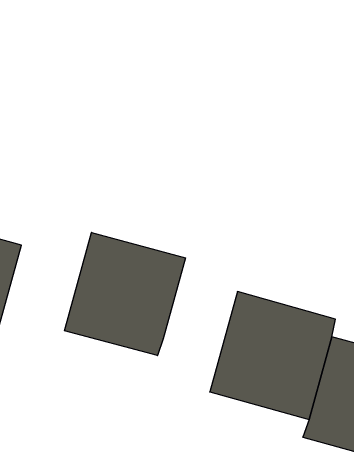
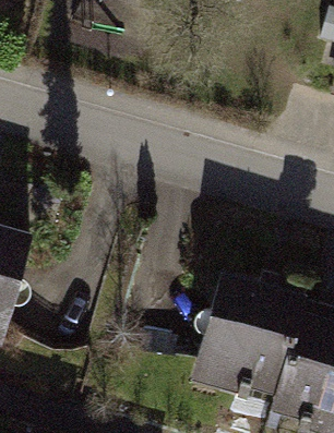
building: [64,232,186,356] -> none

